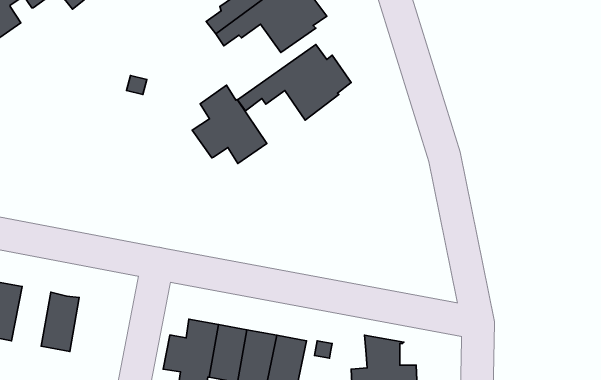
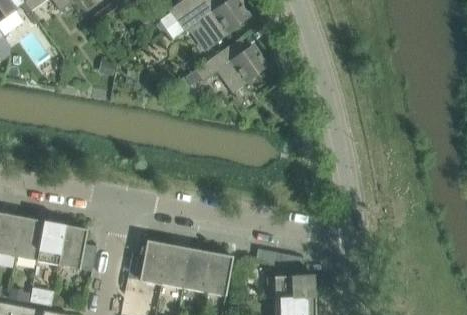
building: [192,85,267,164] -> none
building: none -> [15,217,44,261]
building: none -> [58,225,96,271]

